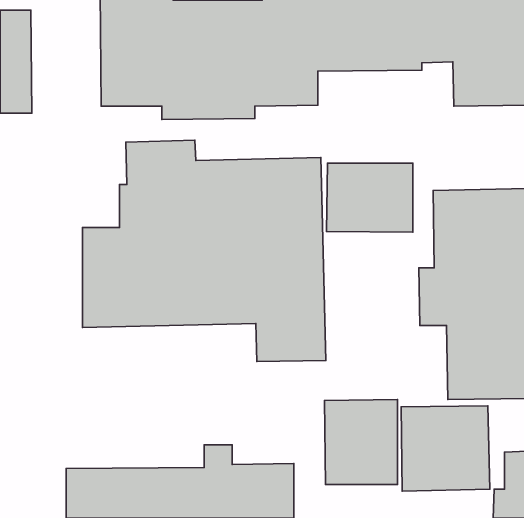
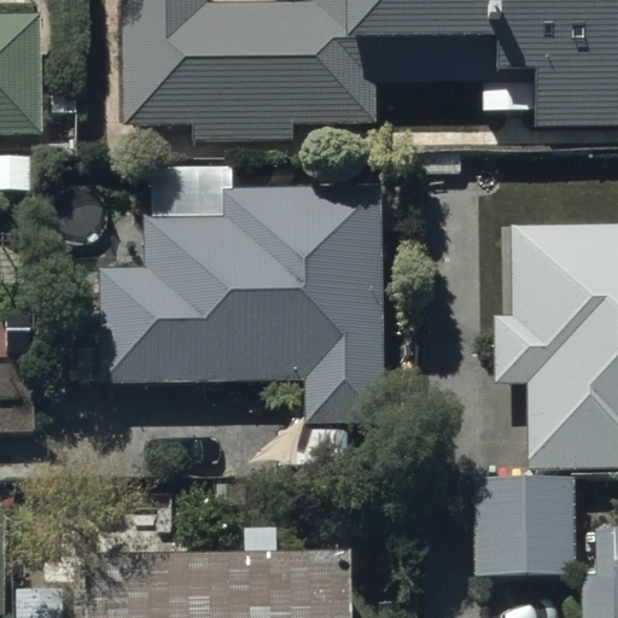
building: [326,163,413,232] -> none
building: [324,400,398,484] -> none

